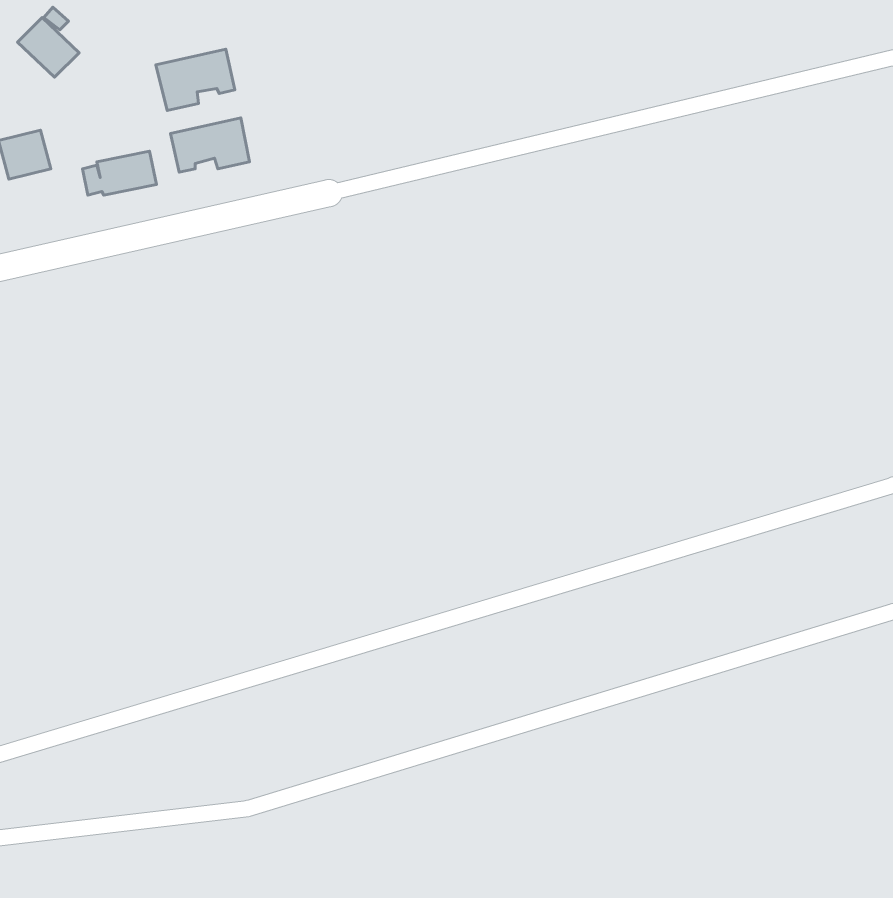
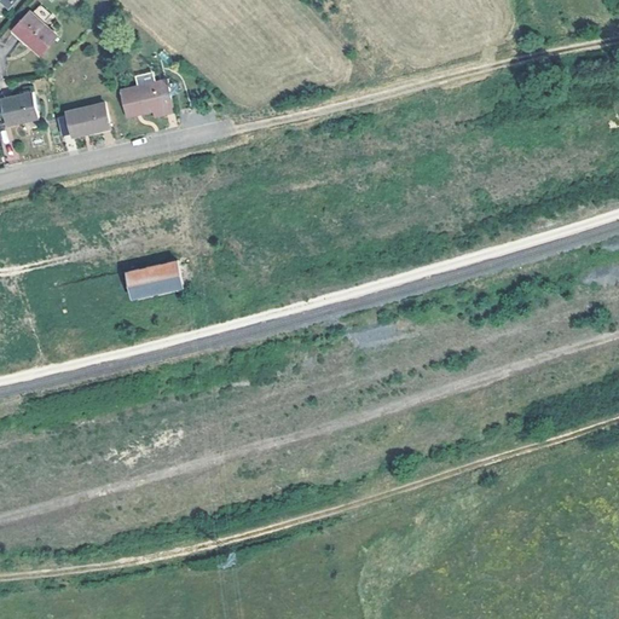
building: [156,49,235,111] -> none
building: none -> [126,262,180,299]

